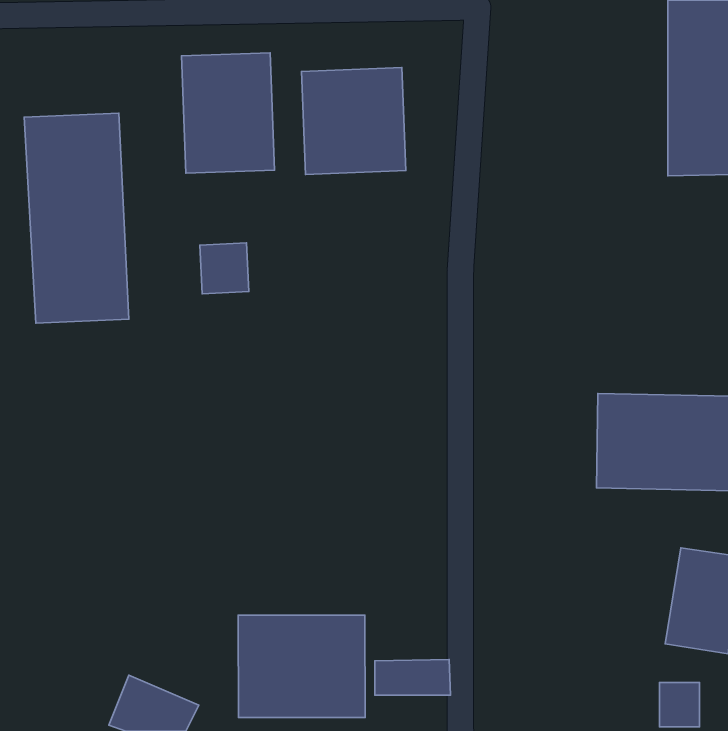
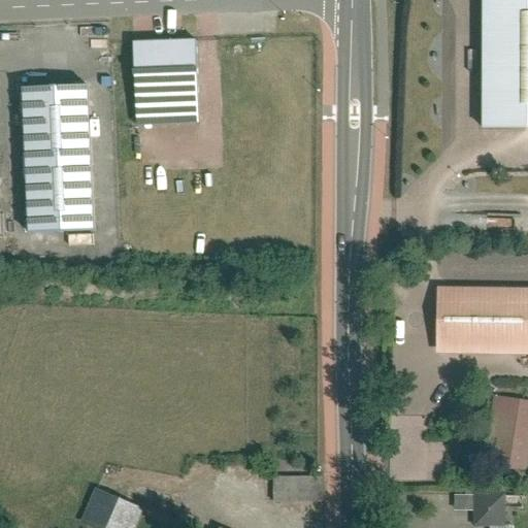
building: [302,68,406,175] -> none
building: [200,243,249,294] -> none
building: [238,615,365,717] -> none

